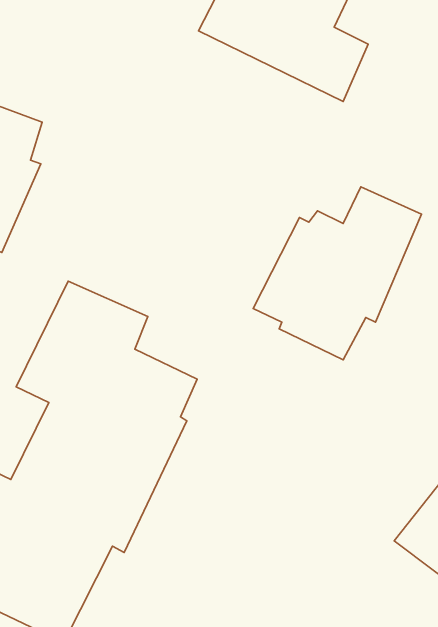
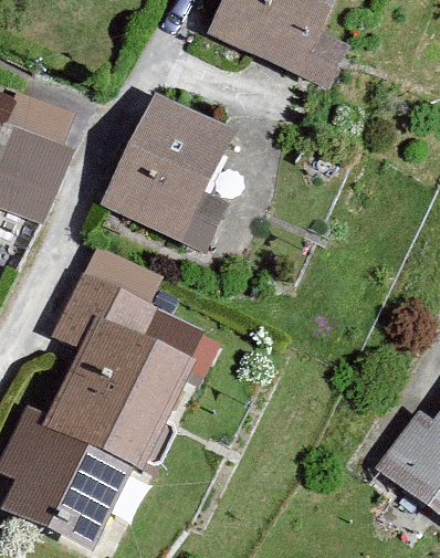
building: none -> [103,93,235,254]
building: [253,187,422,360] -> none

